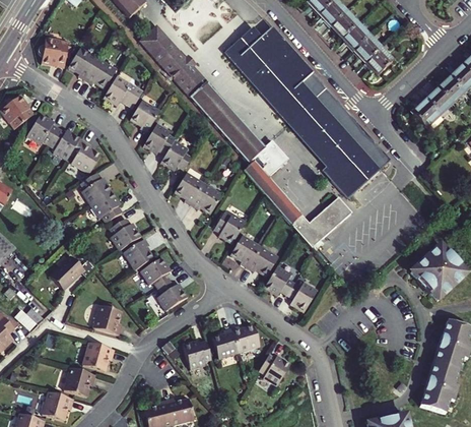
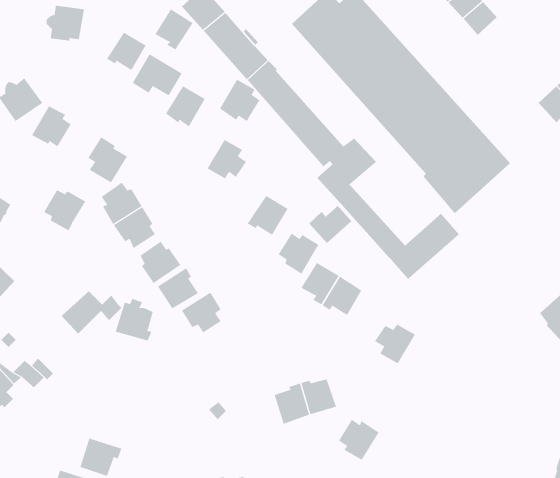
building: [67,48,96,79] -> [154,9,193,50]
building: [364,48,392,75] -> none
building: [142,123,174,156] -> [219,79,261,122]
building: [47,129,79,161] -> [43,190,86,231]
building: [174,172,204,204] -> none
building: none -> [308,205,352,244]
building: [263,264,294,295] -> none
building: [156,279,187,310] -> none
building: [92,306,122,339] -> [115,298,154,341]
building: [183,337,211,368] -> none
building: [82,343,115,372] -> none

